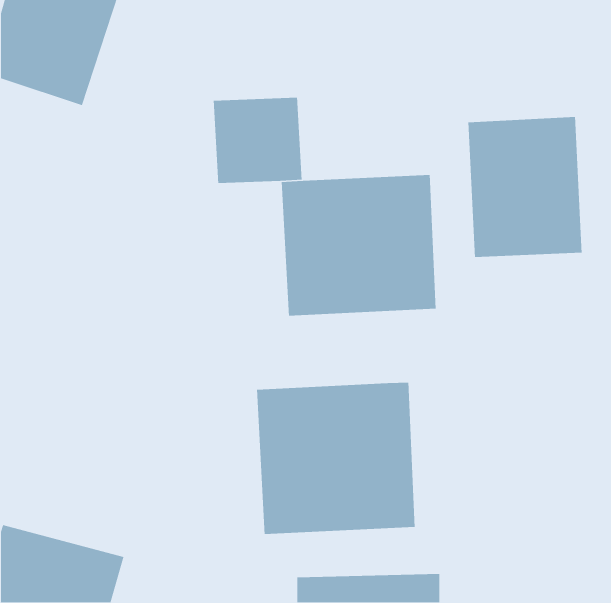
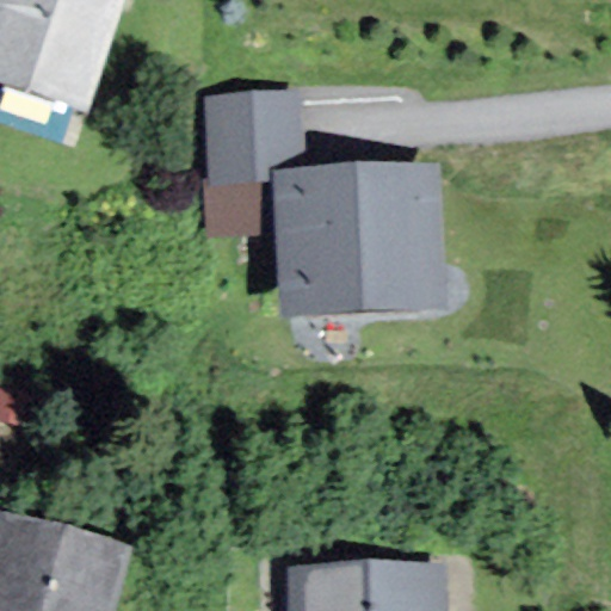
building: [468,116,582,258] -> none
building: [256,382,416,535] -> none

